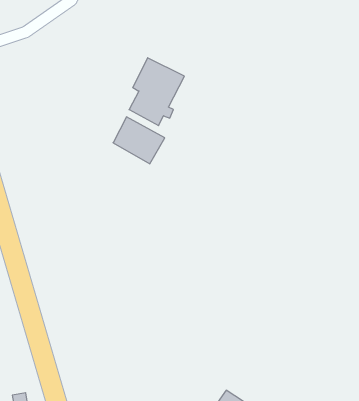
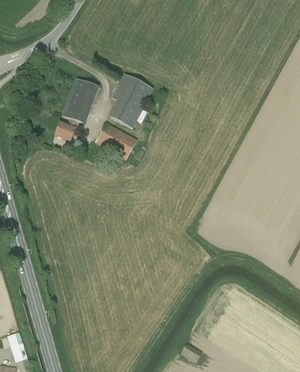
building: none -> [54,77,98,140]

